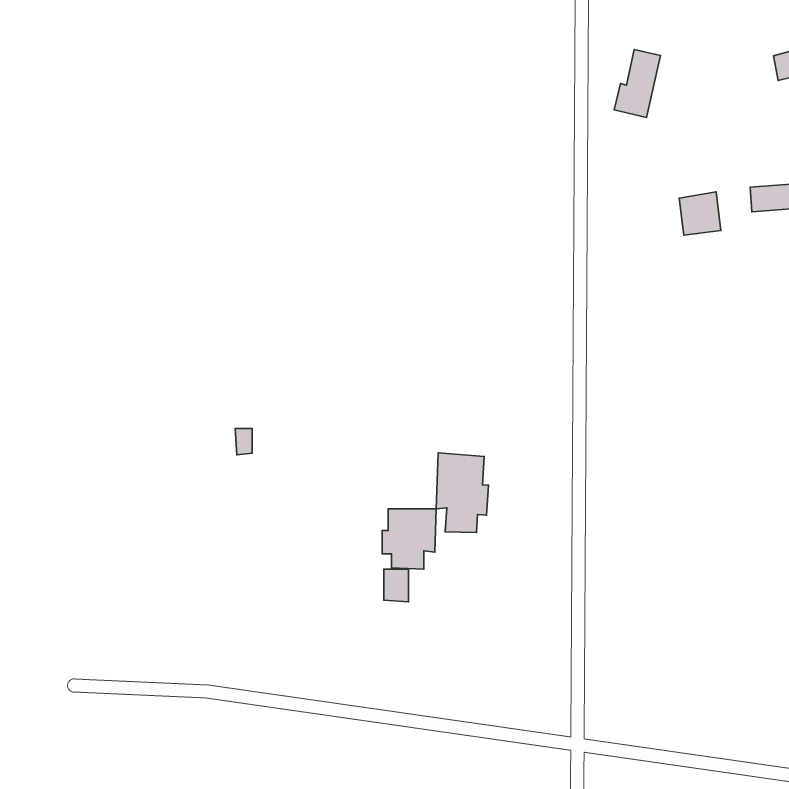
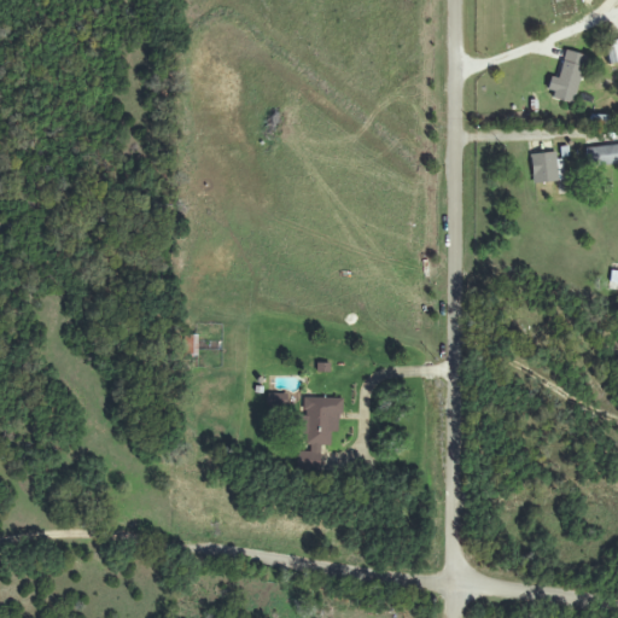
building: [614,49,661,118] -> [549,49,585,103]
building: [436,453,488,532] -> none

